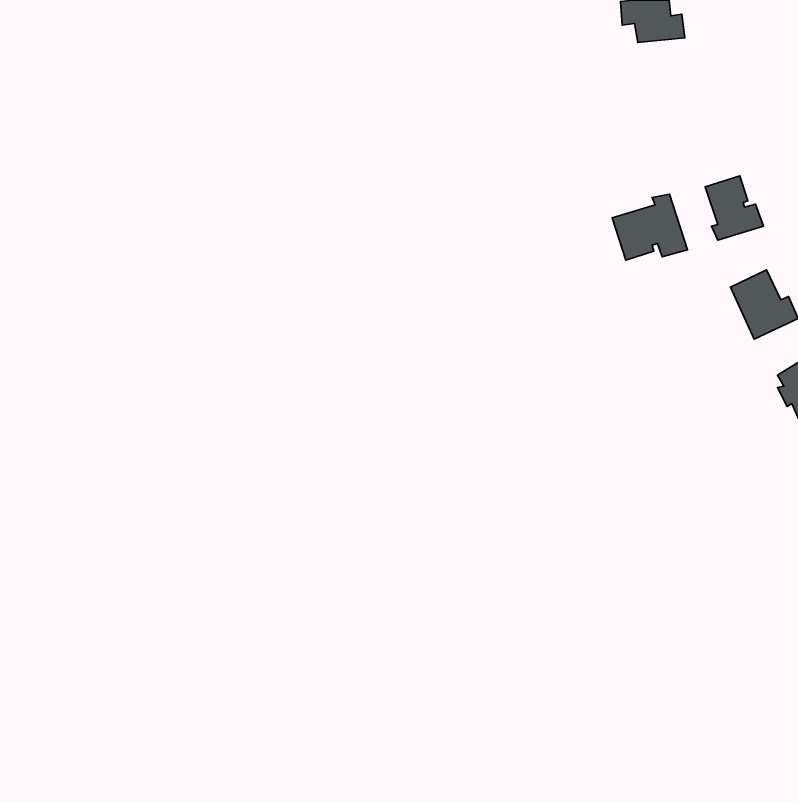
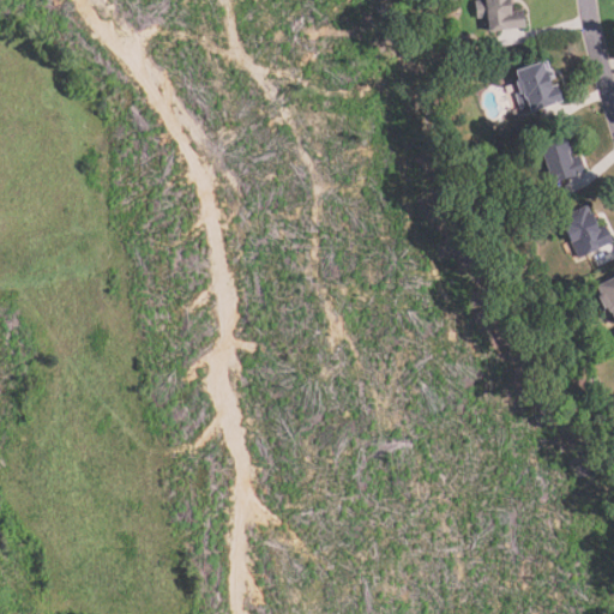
building: none -> [517,61,562,112]
building: [612,194,687,260] -> none

